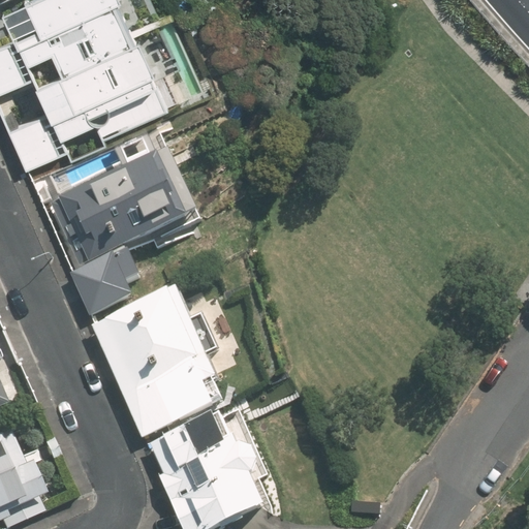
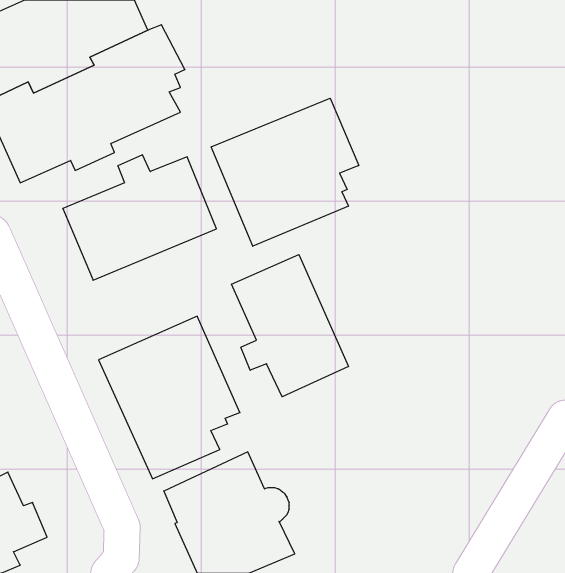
building: none -> [211,98,359,246]
building: none -> [232,255,348,397]
building: [69,251,128,307] -> none

